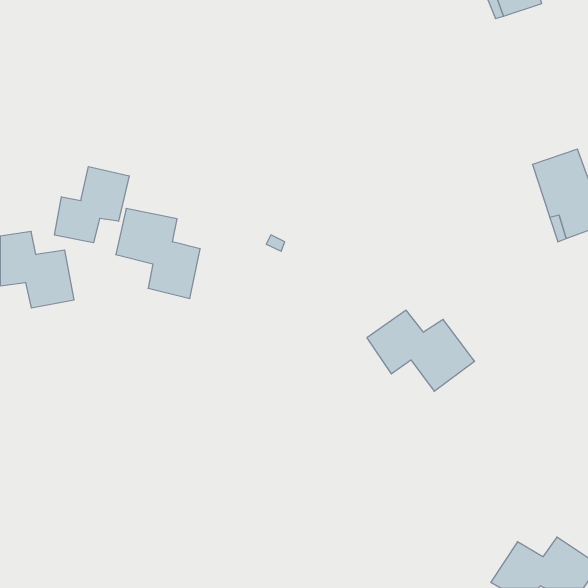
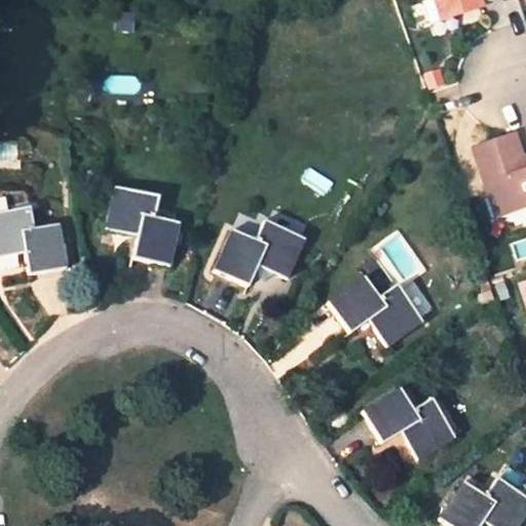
building: [54,167,129,243] -> none
building: none -> [215,219,306,284]
building: none -> [362,386,456,459]

